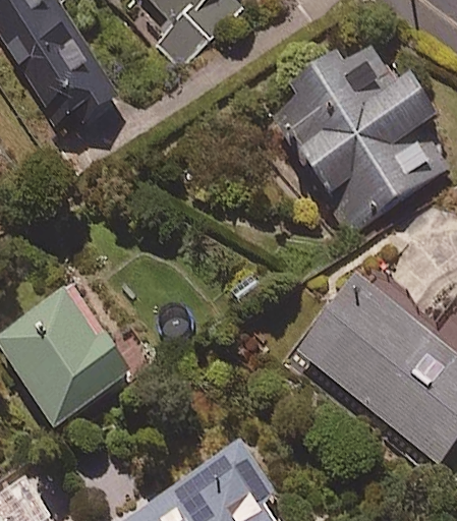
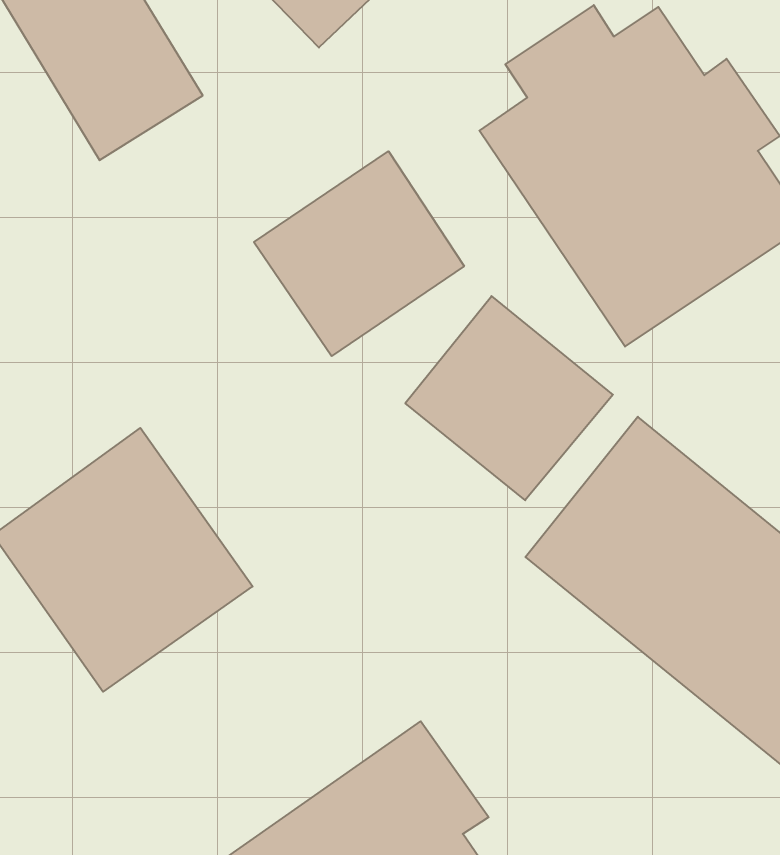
building: none -> [254,151,464,356]
building: none -> [405,296,613,500]

